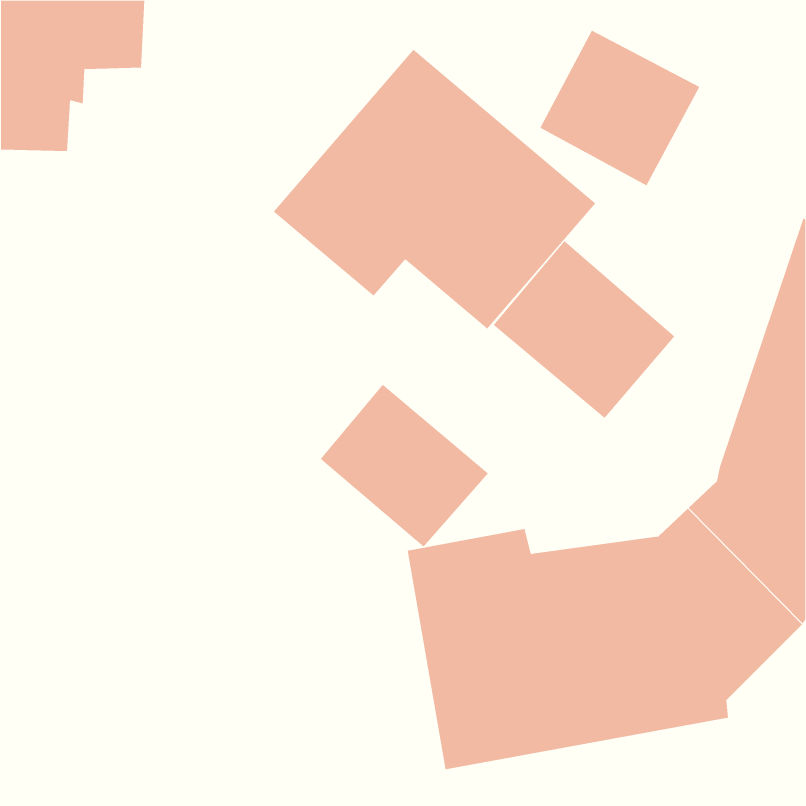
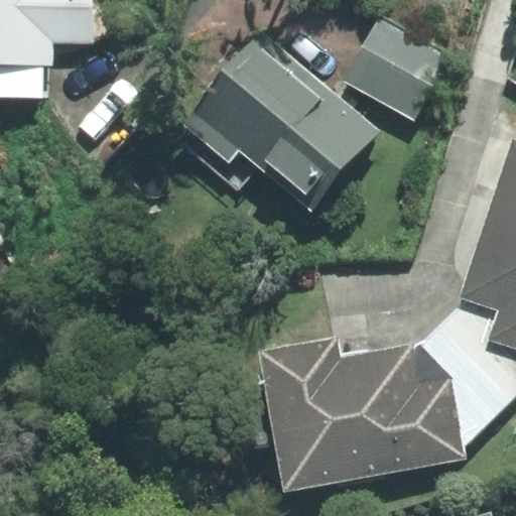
building: [493,240,675,419] -> none
building: [320,384,489,547] -> none

